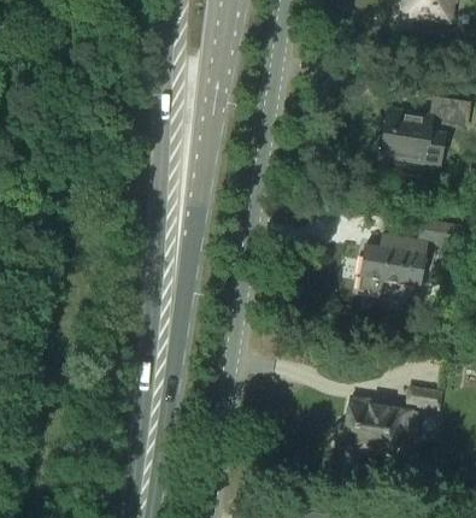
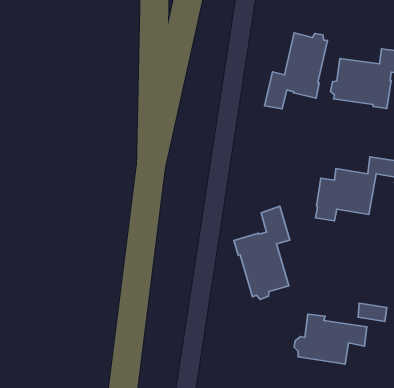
building: none -> [264,33,327,109]
building: none -> [234,206,290,299]

